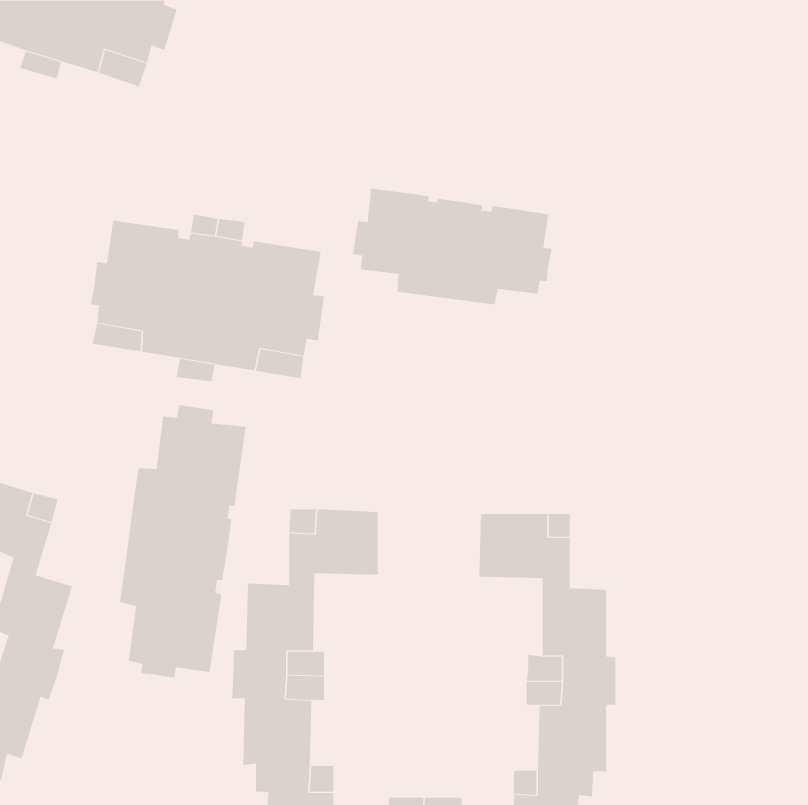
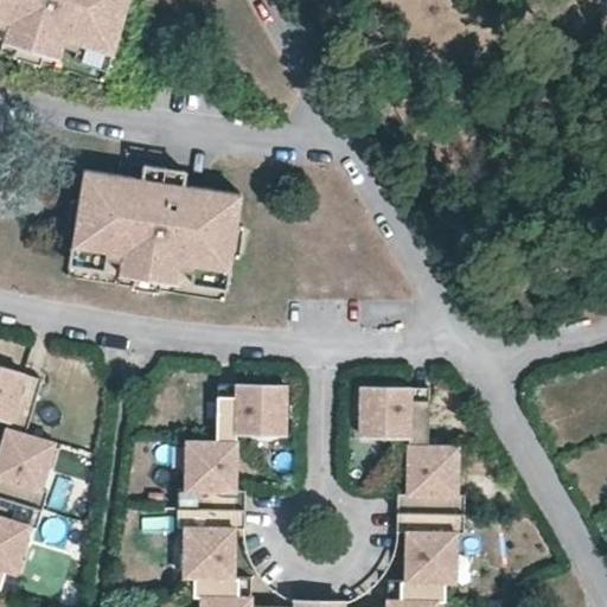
building: [352,188,552,305] -> none
building: [120,404,246,679] -> none

